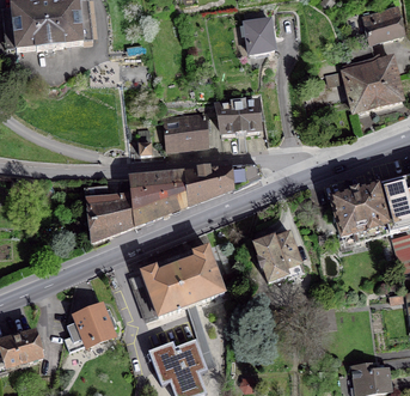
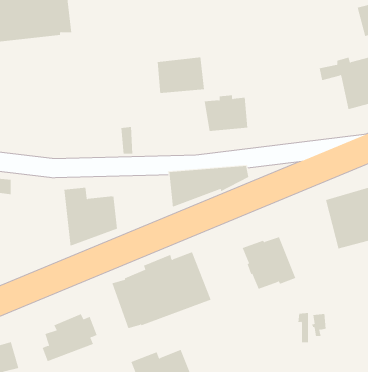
building: [244,19,274,53] -> none
building: [163,115,208,150] -> [157,57,205,93]
building: [128,171,186,225] -> none

